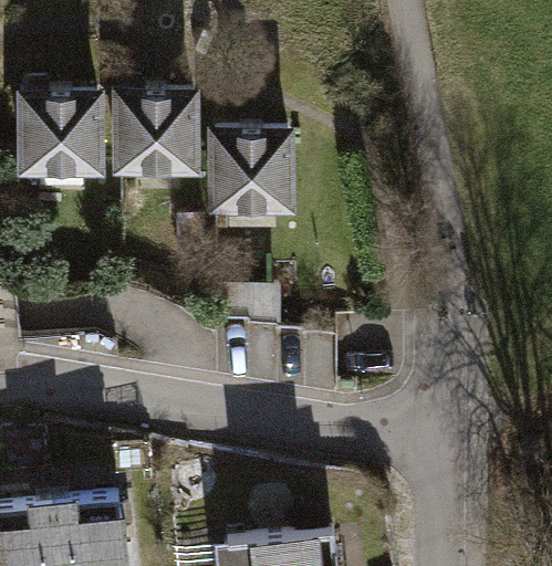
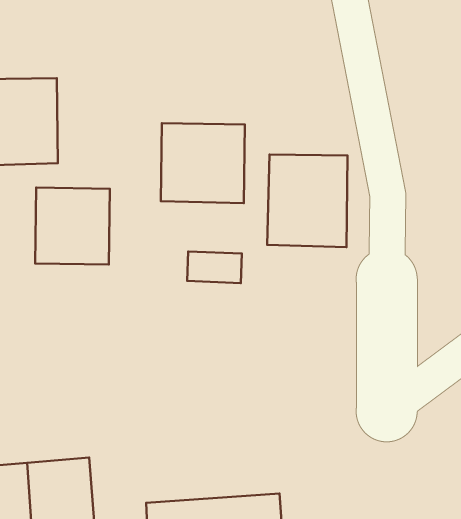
building: [111,95,189,176] -> [35,188,110,264]
building: none -> [267,155,348,247]

